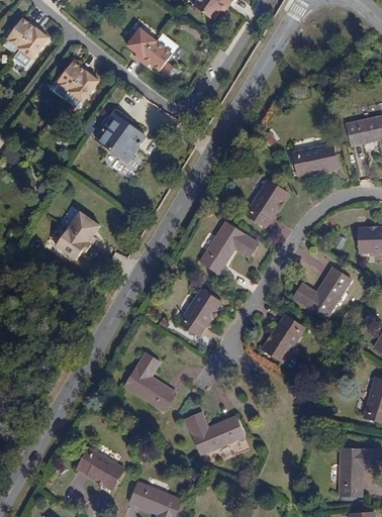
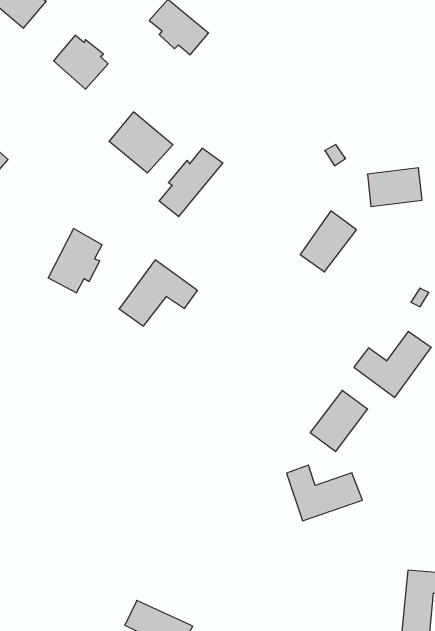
building: none -> [159,148,223,217]
building: [200,222,259,273] -> [119,260,197,326]
building: [180,290,221,336] -> none
building: [124,352,175,411] -> none
building: [185,413,244,455] -> [287,465,362,521]
building: [76,447,123,489] -> none

